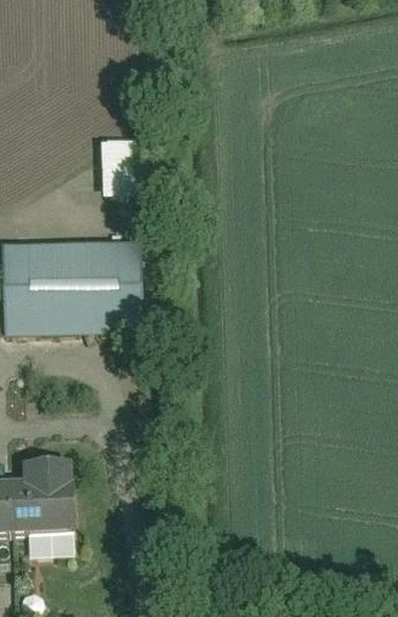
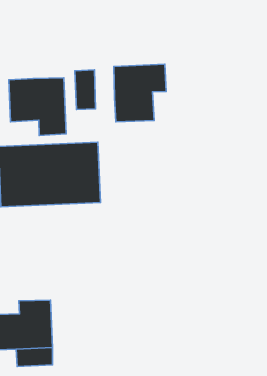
building: none -> [114,64,166,122]
building: none -> [9,78,66,135]

